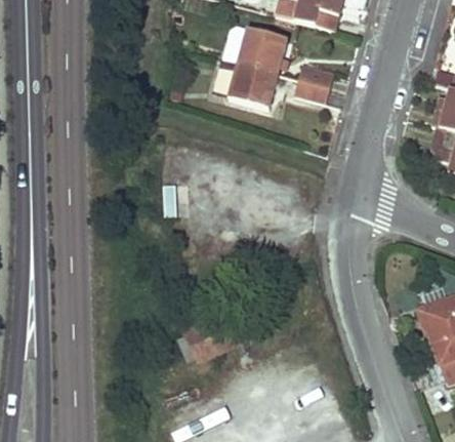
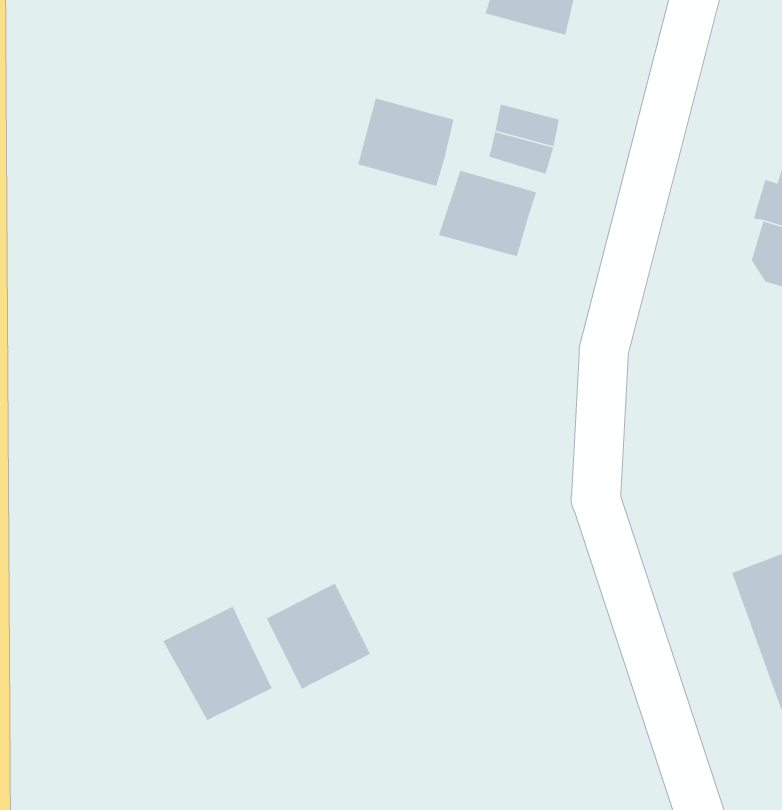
building: [236,27,287,72] -> [438,170,537,257]
building: none -> [162,605,273,721]

